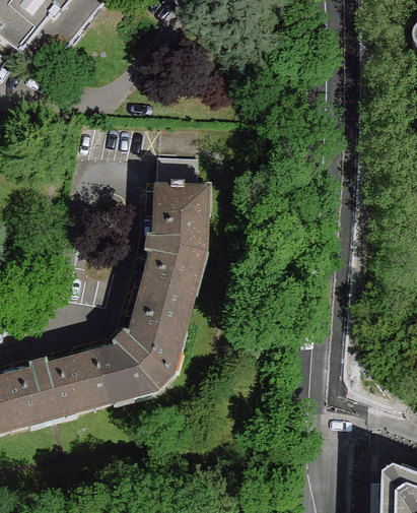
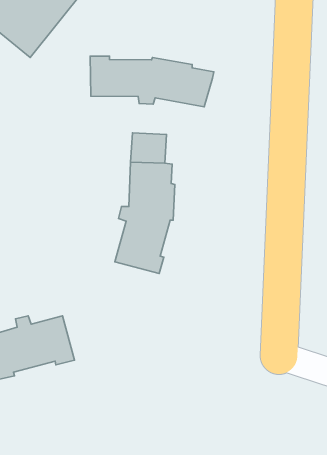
building: none -> [90,56,214,107]
building: [83,297,190,405] -> none

